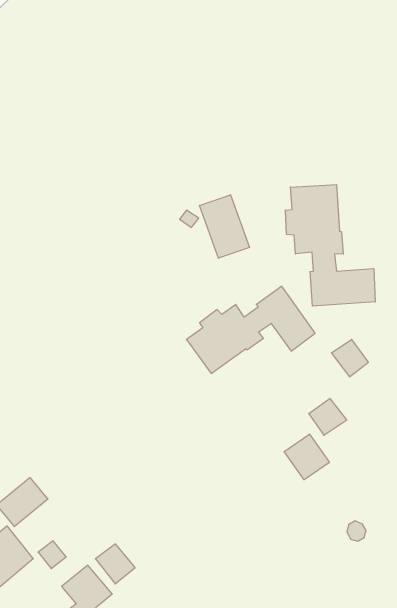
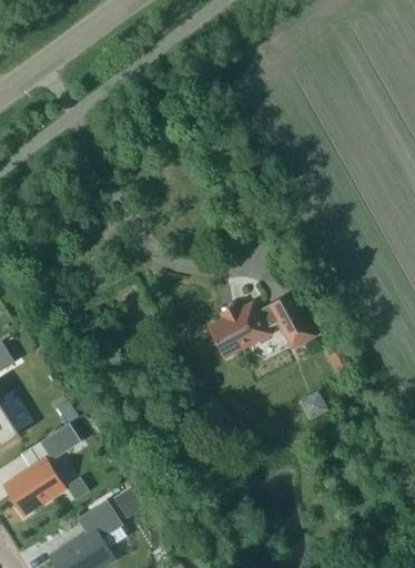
building: [285,185,375,306] -> none
building: [199,195,249,258] -> none
building: [284,434,329,480] -> none

